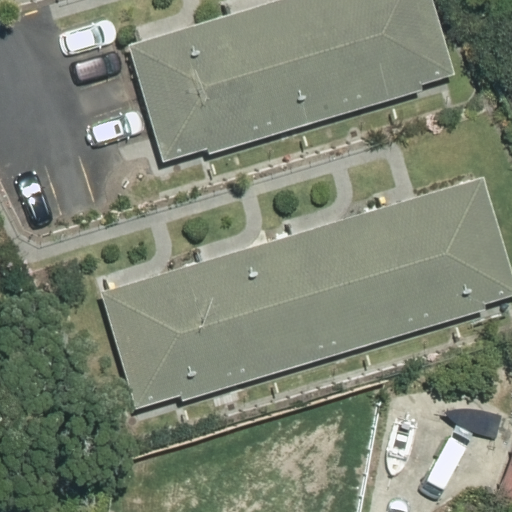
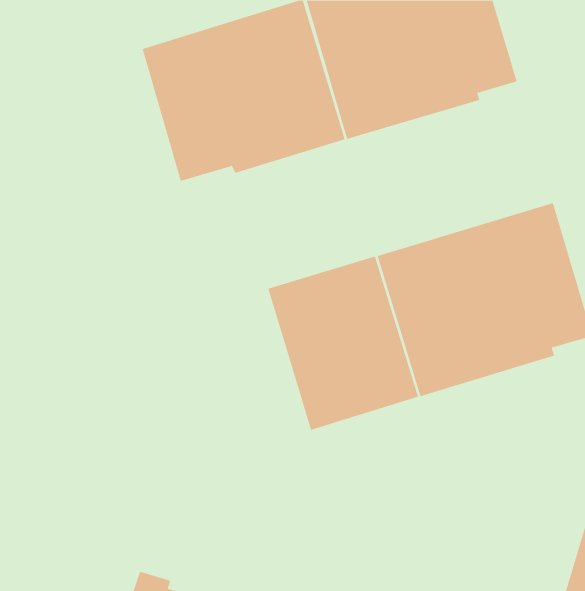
building: [100,251,273,409] -> none

